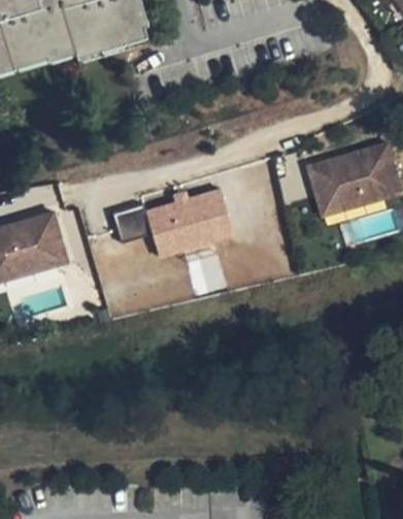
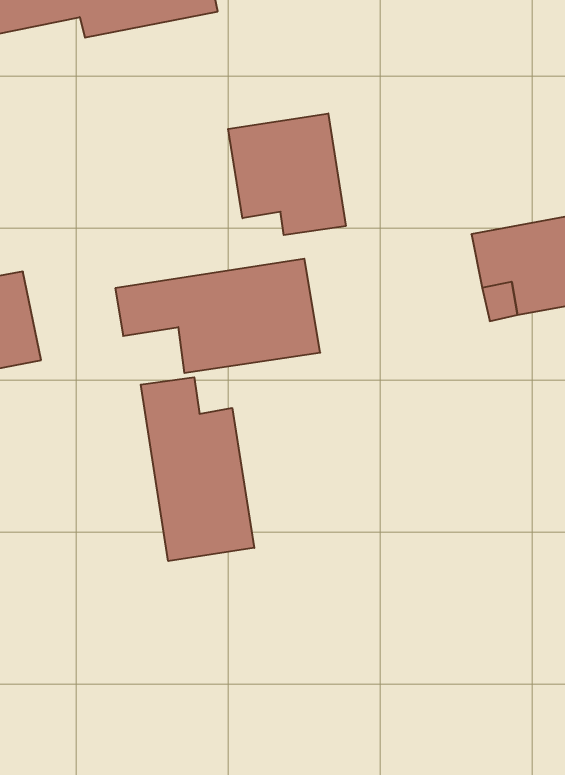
building: none -> [228,113,346,235]
building: none -> [141,377,254,561]

